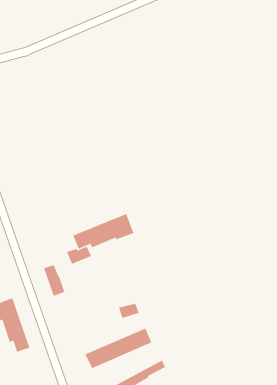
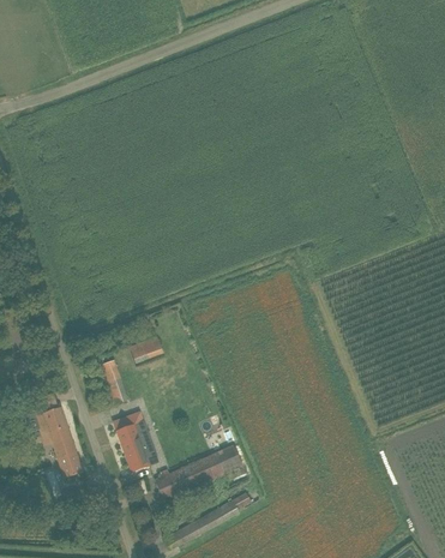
building: [72,213,134,249] -> none
building: none -> [112,409,149,469]

